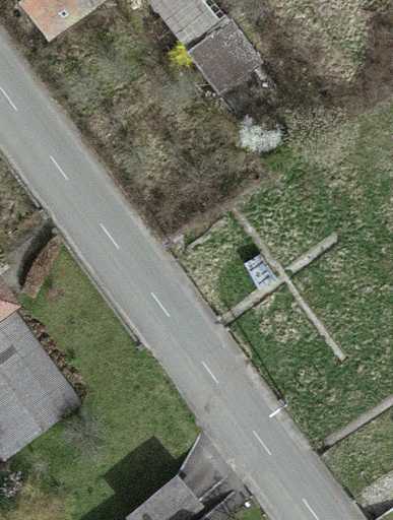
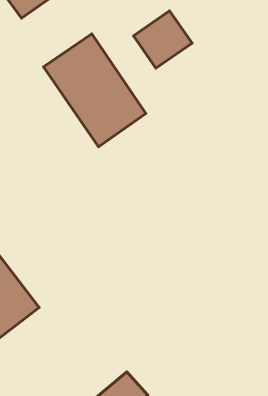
building: none -> [44,34,146,147]

